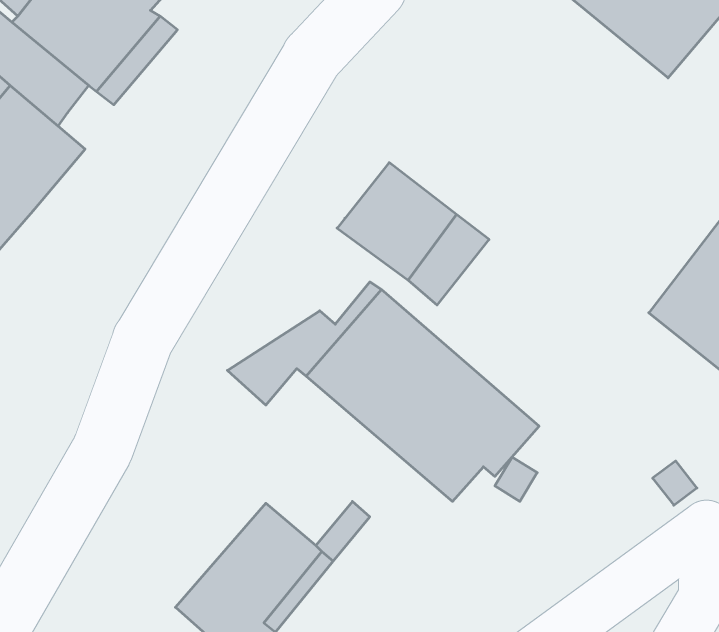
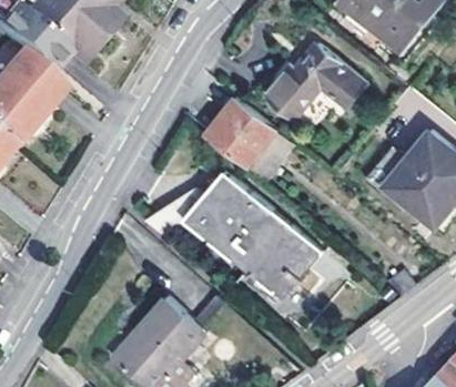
building: none -> [267,42,369,118]

